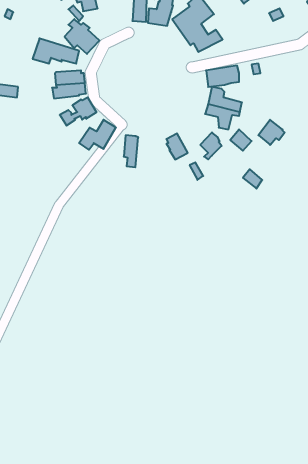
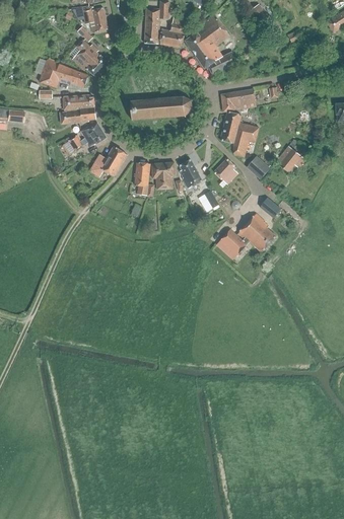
building: none -> [131,96,192,119]
building: none -> [153,161,176,188]
building: none -> [222,212,275,251]

